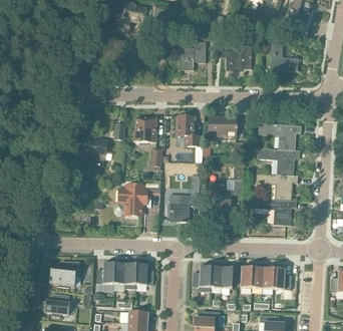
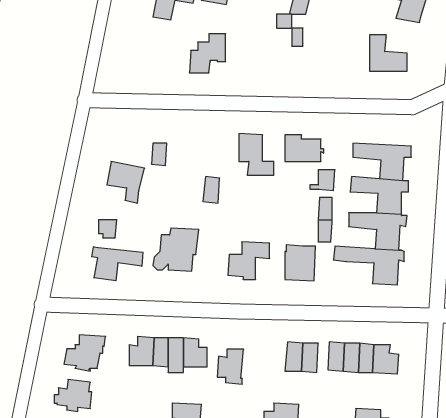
building: [226,40,252,70] -> none
building: [180,41,206,69] -> [189,34,226,73]
building: [133,117,156,142] -> none
building: none -> [92,247,143,281]
building: [193,266,212,291] -> [217,349,244,384]

